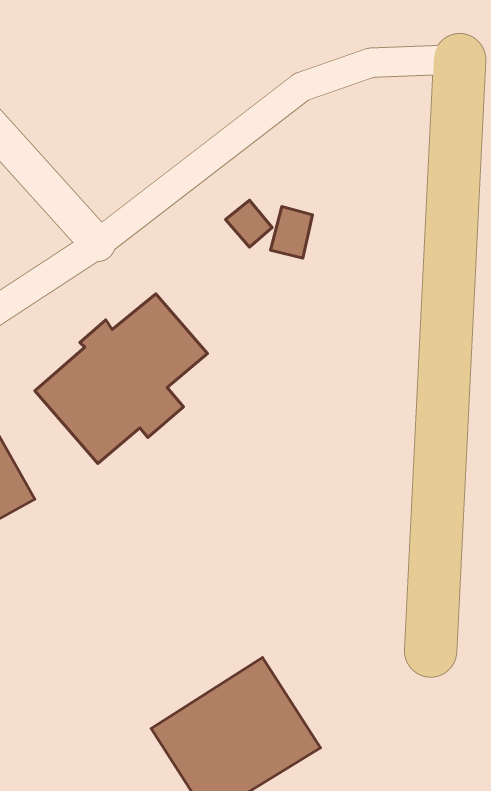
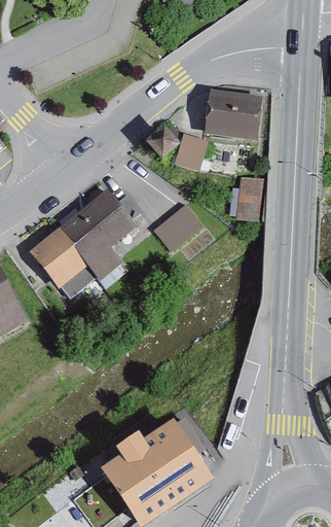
building: none -> [204,87,262,139]
building: none -> [228,174,261,216]
building: none -> [153,203,199,247]

